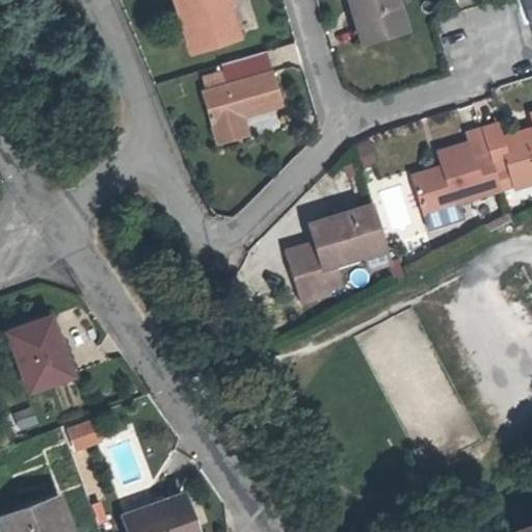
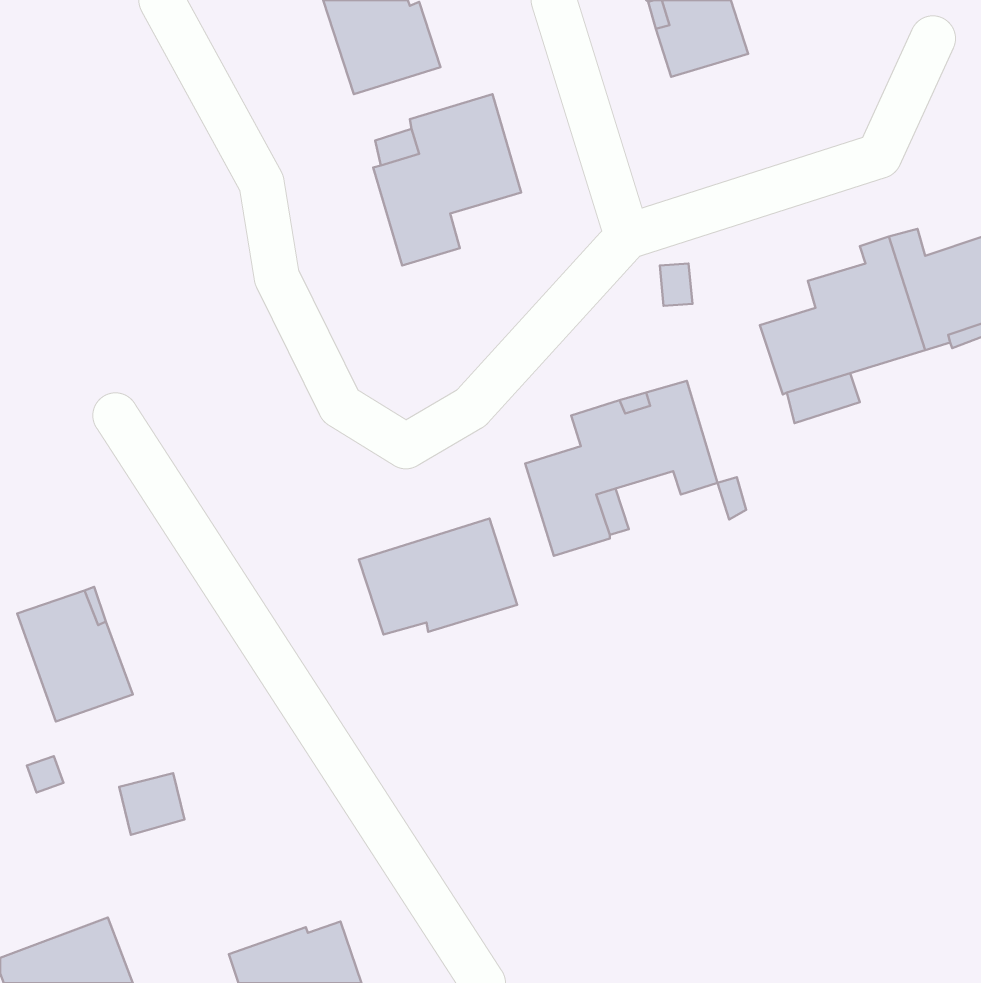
building: none -> [359,519,517,635]

